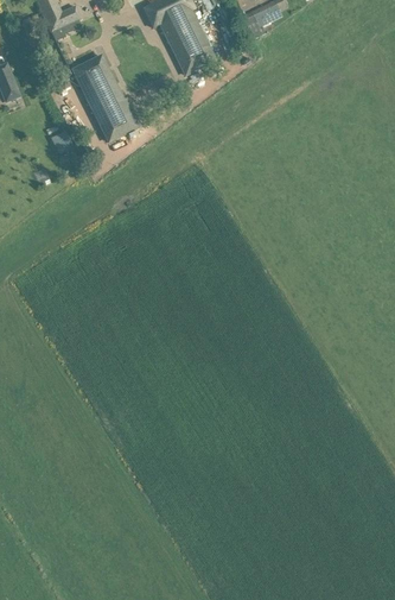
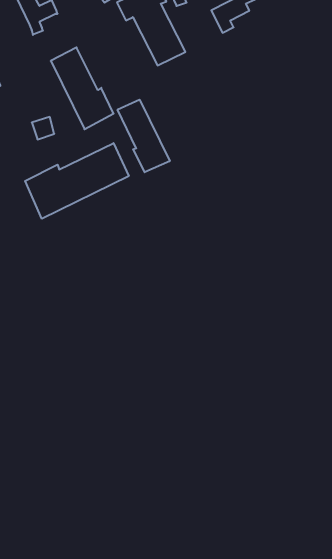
building: none -> [118,100,170,172]
building: none -> [25,143,129,219]

